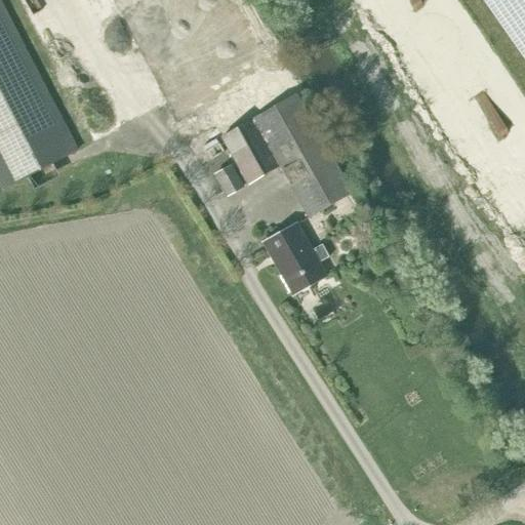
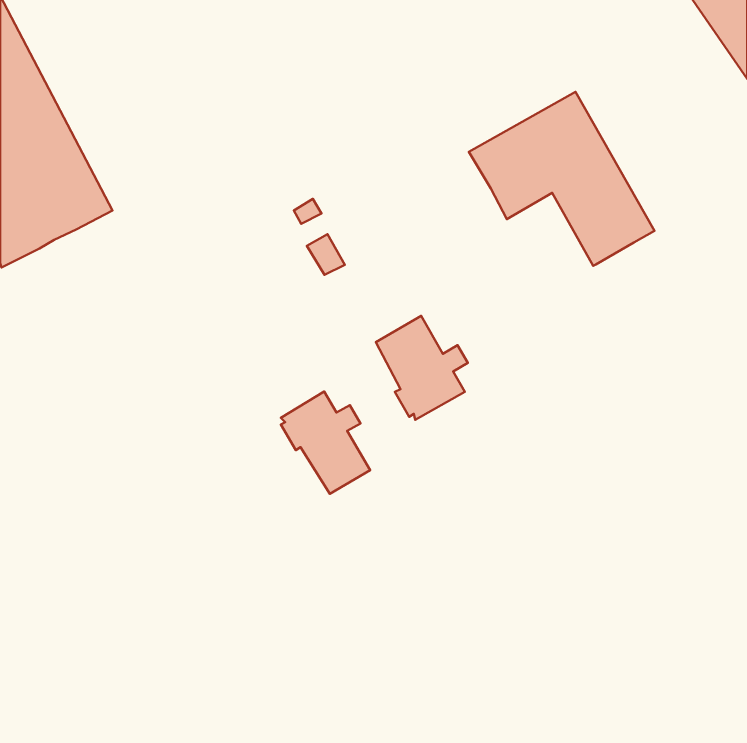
building: [220,93,351,215] -> [469,92,654,266]
building: none -> [281,392,370,494]

